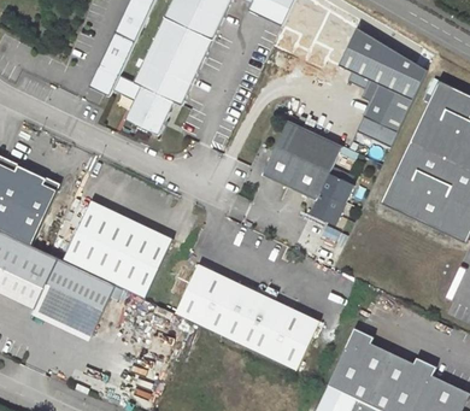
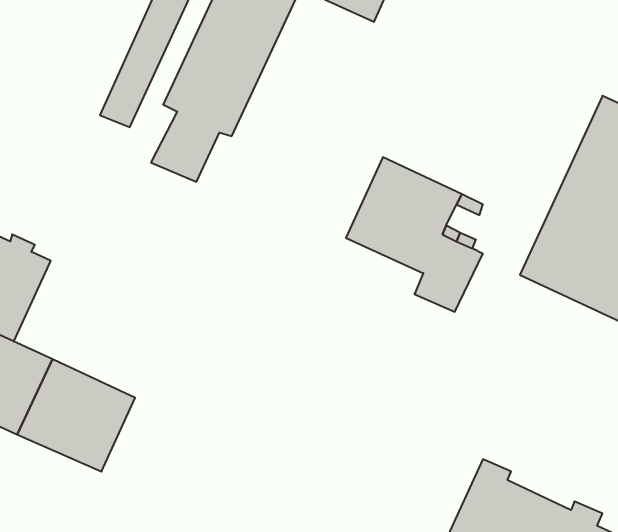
building: [335,23,424,146] -> none
building: [63,201,171,299] -> none
building: [175,264,317,369] -> none

